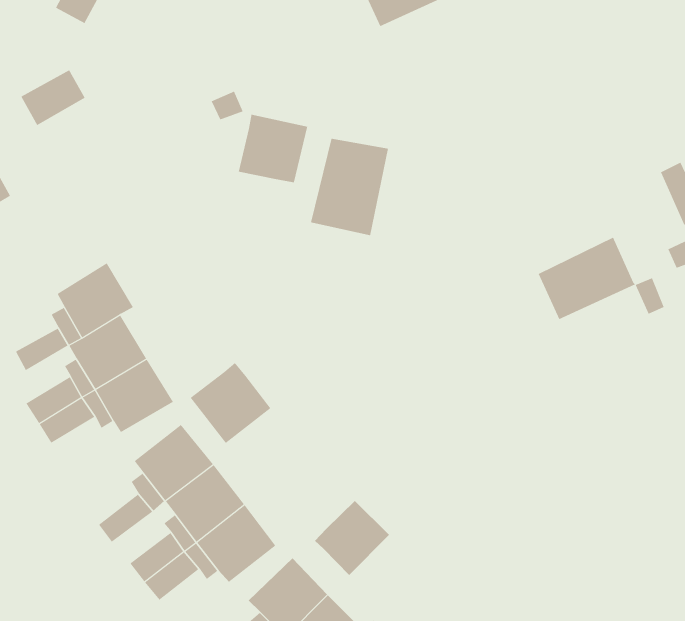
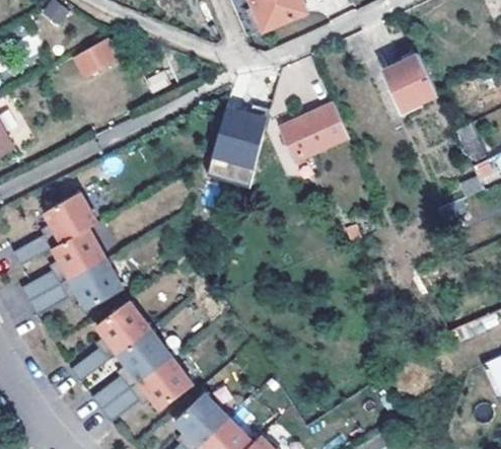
building: none -> [384,53,437,107]
building: [20,70,86,126] -> [72,35,117,74]
building: [238,114,308,183] -> none
building: [538,237,636,320] -> [282,102,349,159]
building: [190,362,271,444] -> none
building: [314,500,390,576] -> none

